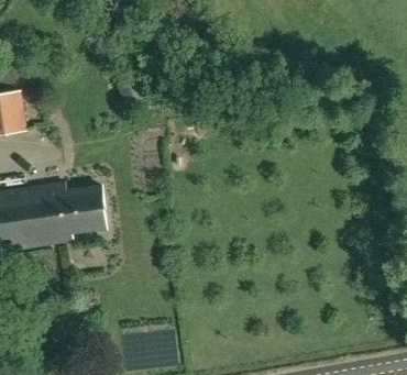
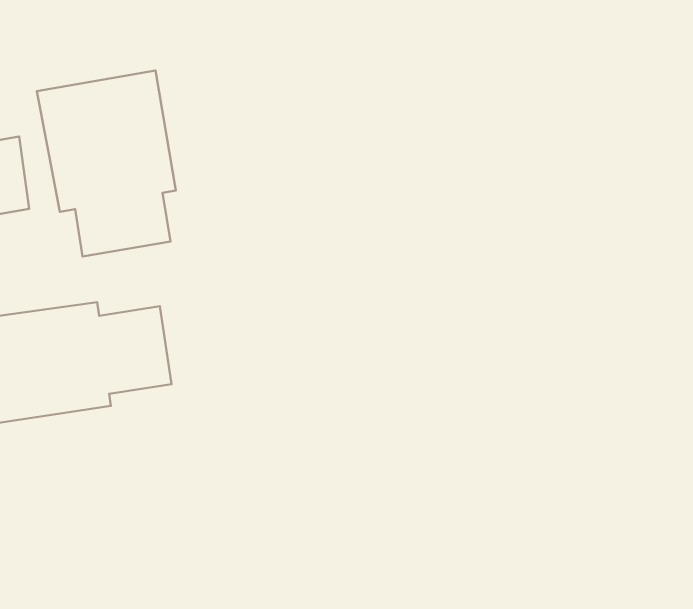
building: none -> [37,71,176,256]

